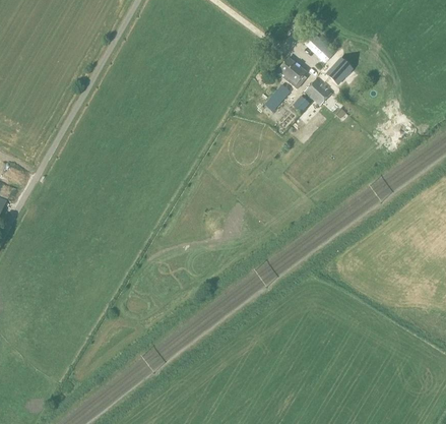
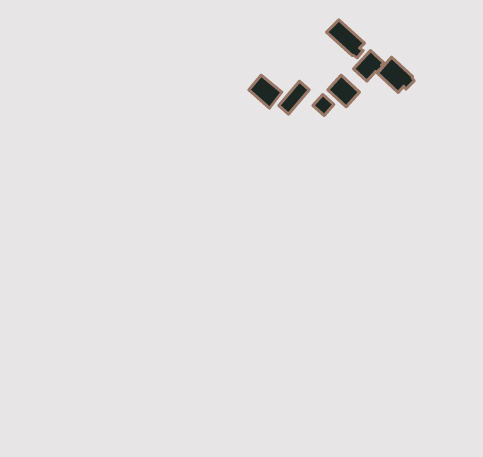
building: [278,57,306,84] -> [249,75,282,108]
building: none -> [377,57,414,93]

